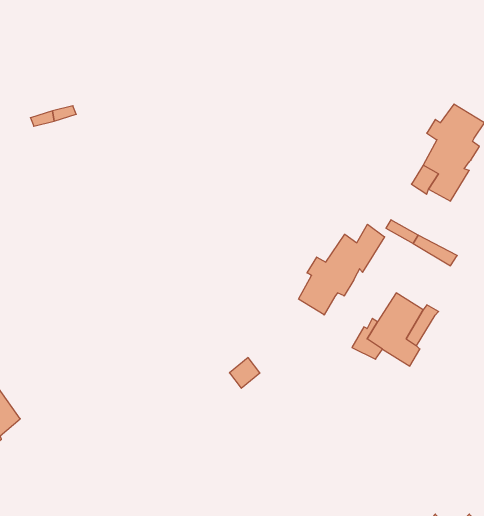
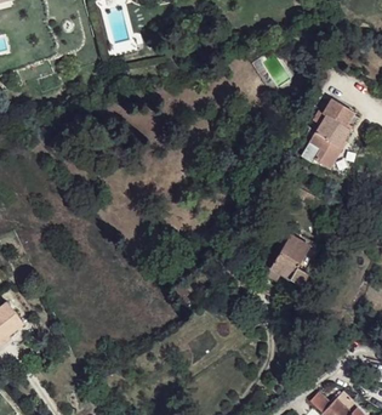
building: [299,224,385,315] -> none

